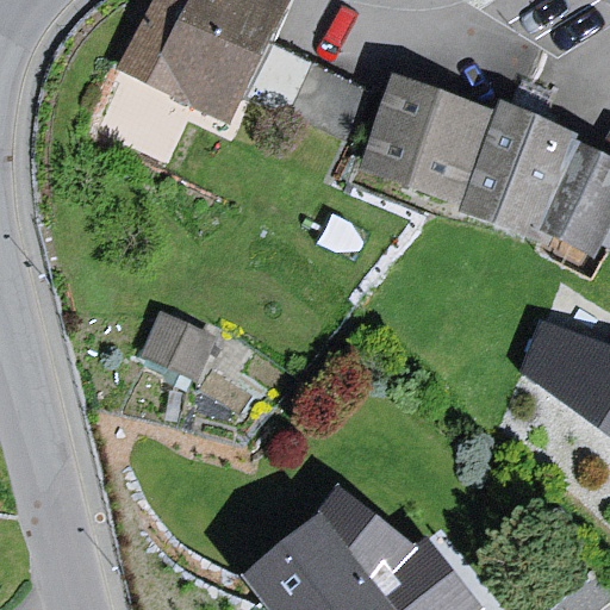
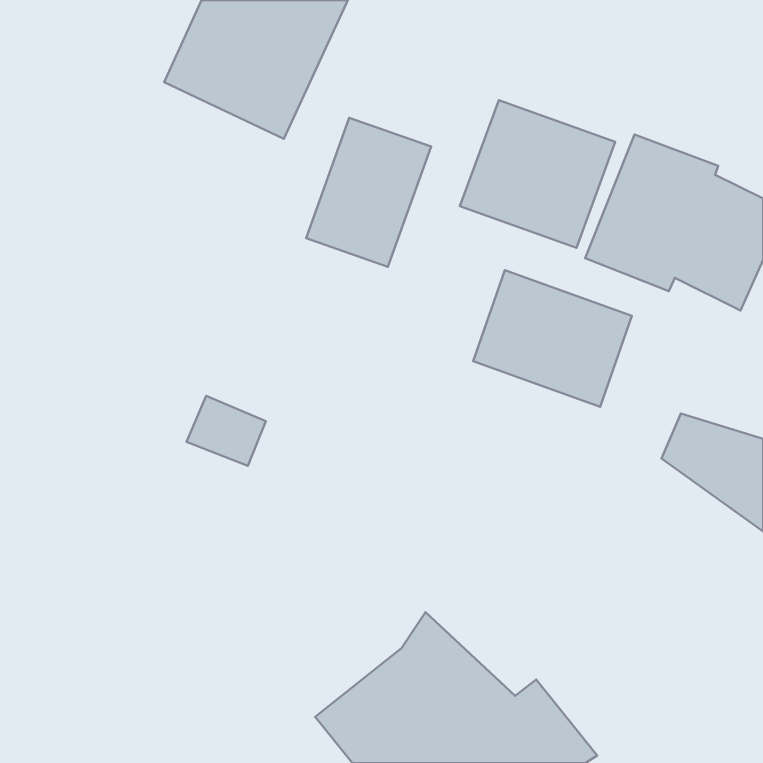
building: none -> [306,118,431,267]
building: none -> [473,270,632,407]

